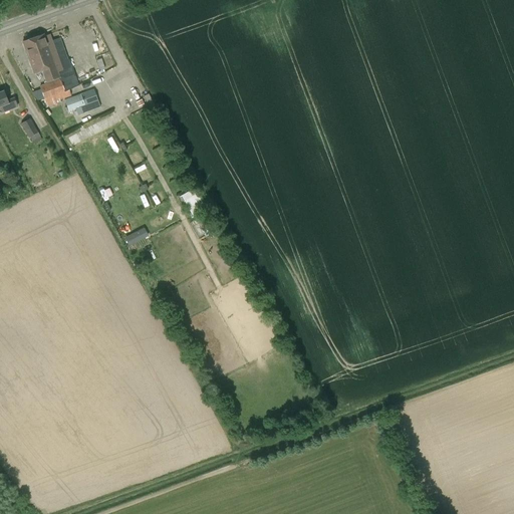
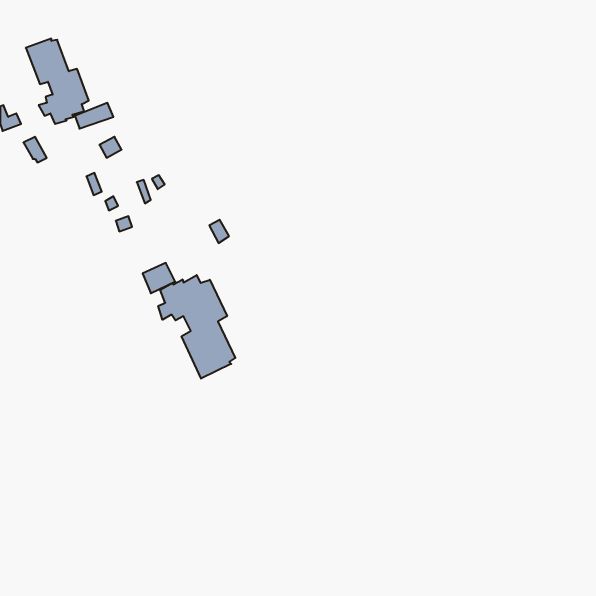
building: none -> [158,275,235,379]

